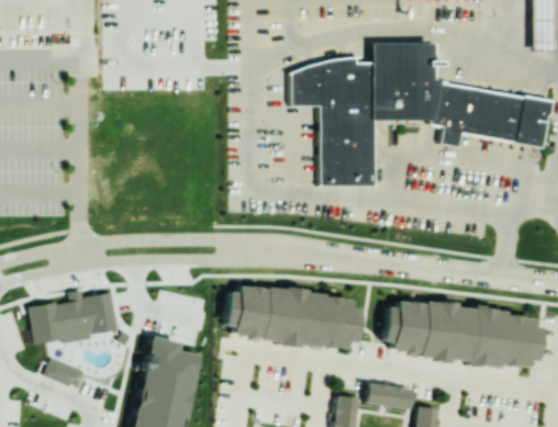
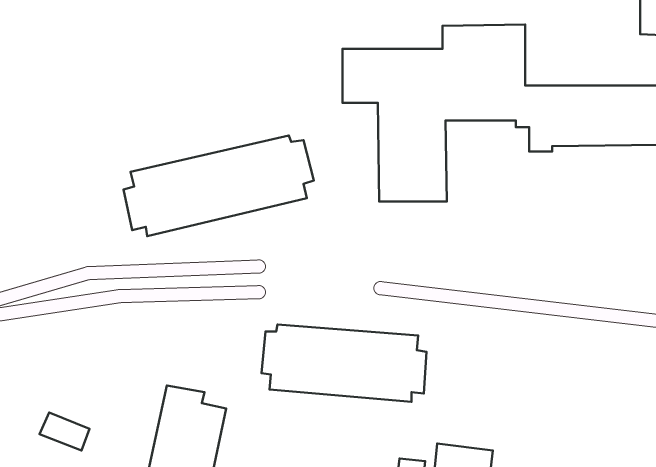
building: none -> [123,136,314,236]
building: [31,289,120,342] -> none
building: [387,301,542,367] -> none

